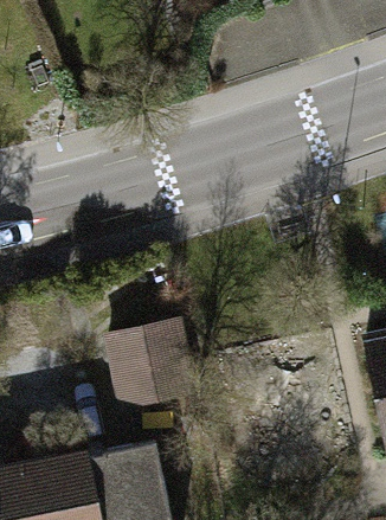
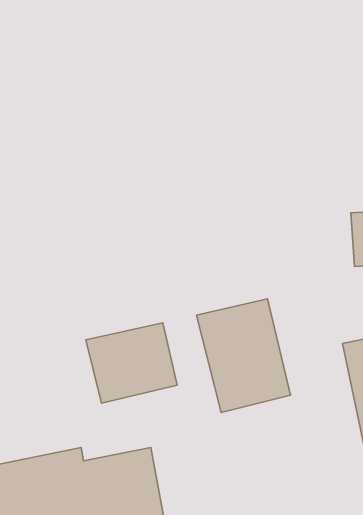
building: none -> [196,299,290,412]

